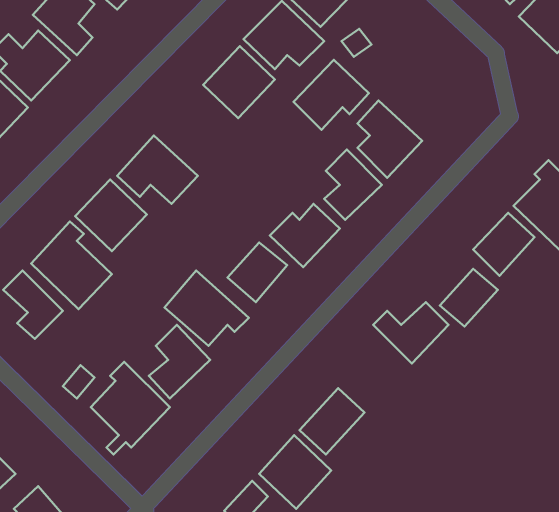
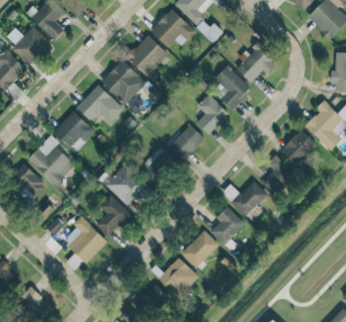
building: [293,60,369,130] -> [235,42,278,82]
building: none -> [100,59,145,103]
building: none -> [211,206,245,244]

